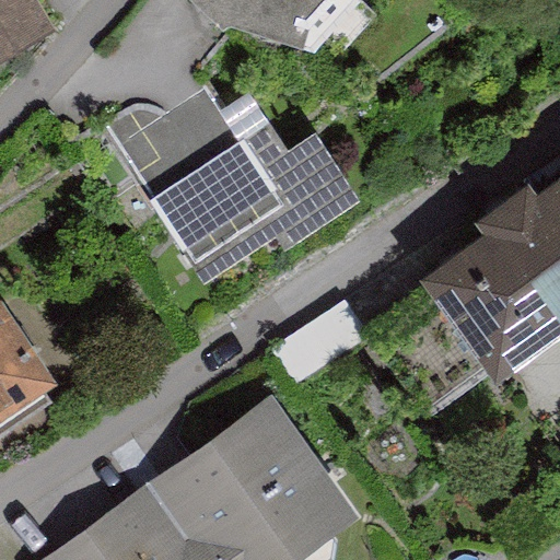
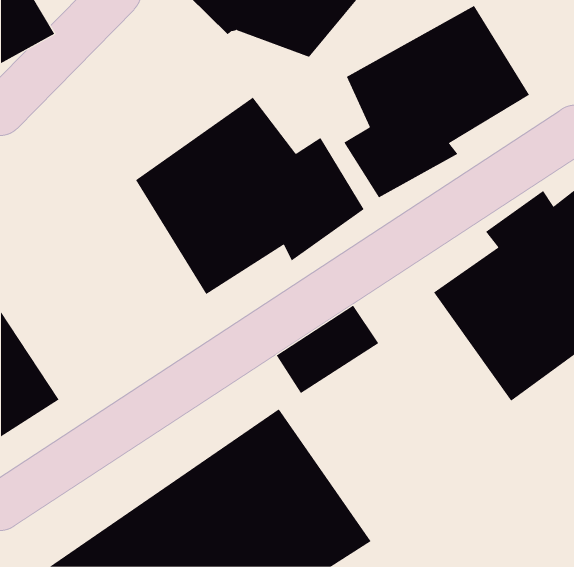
building: none -> [344,5,530,198]

